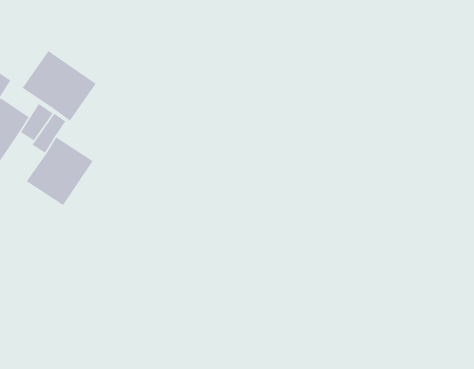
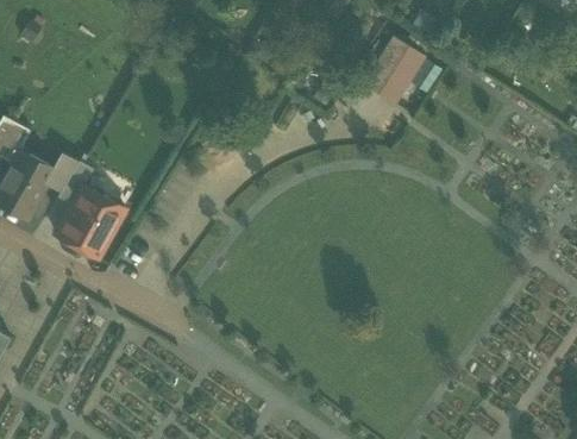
building: none -> [362,36,425,105]
building: [22,50,96,121] -> none

